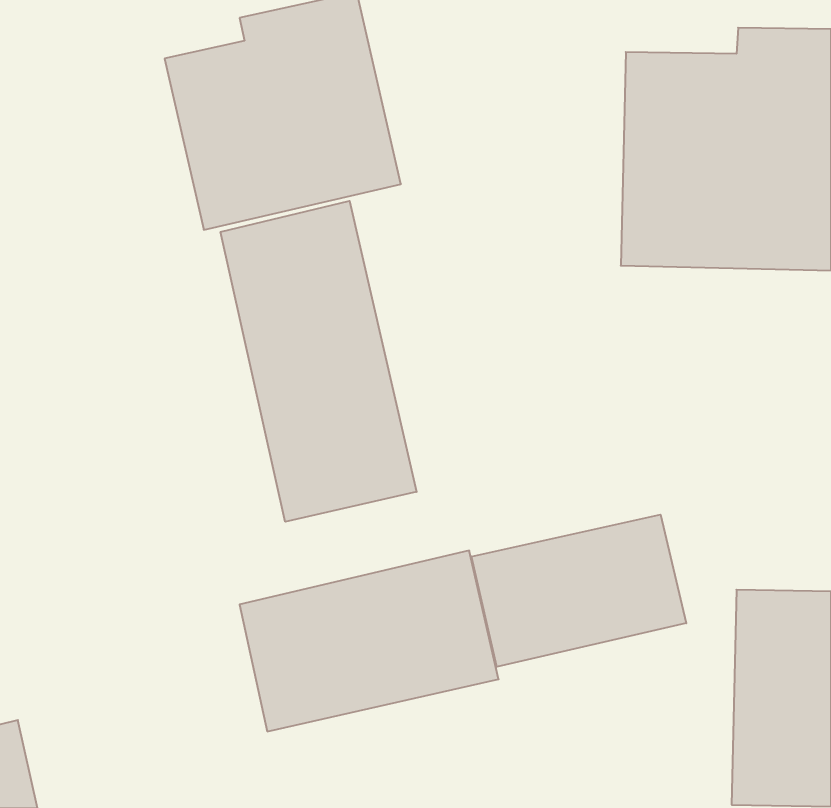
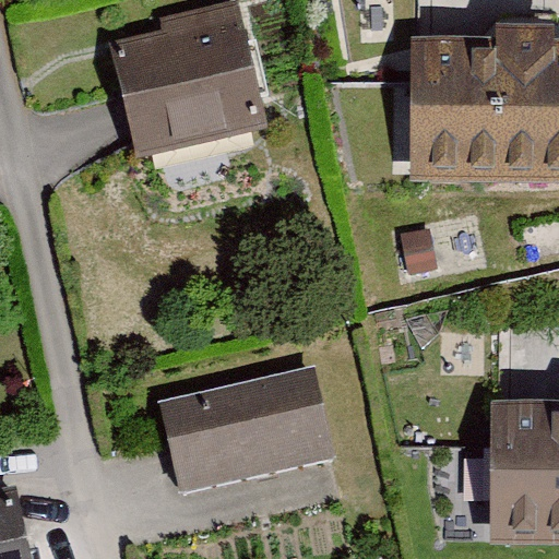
building: [221,201,417,522] -> none
building: [472,515,686,667] -> none

